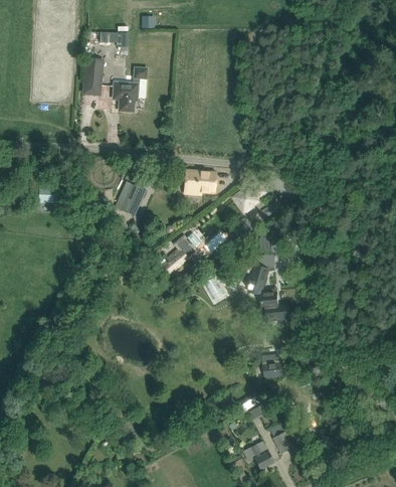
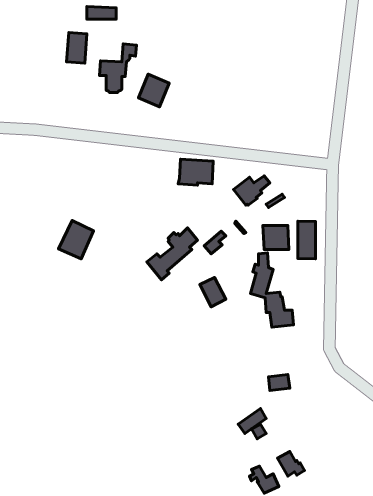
building: none -> [138,74,169,107]
building: [115,181,146,215] -> [59,221,94,259]
building: none -> [298,221,315,259]

